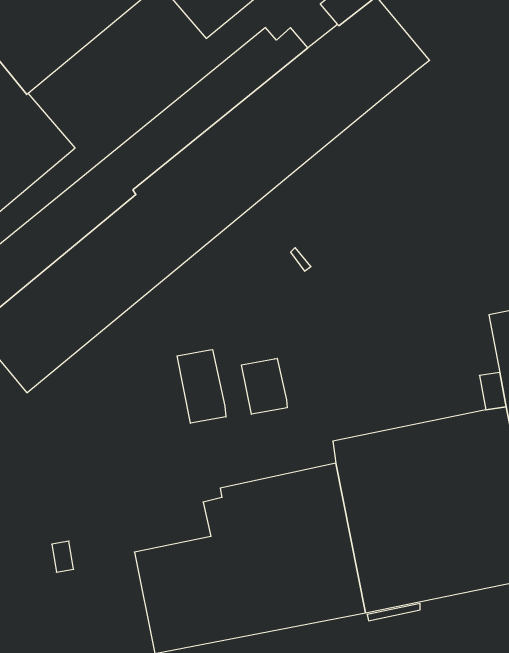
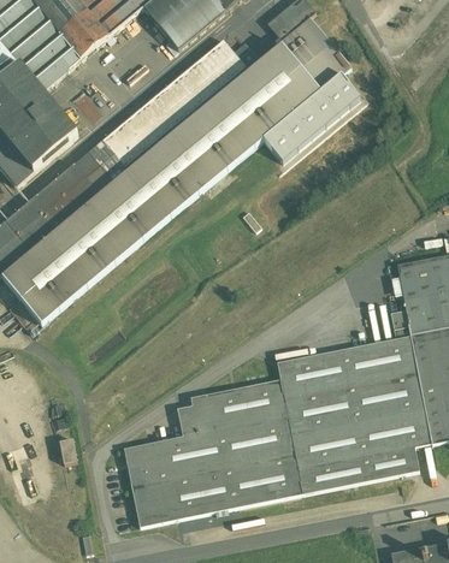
building: none -> [264,77,360,165]
building: [177,350,226,423] -> none
building: [242,358,287,414] -> none

